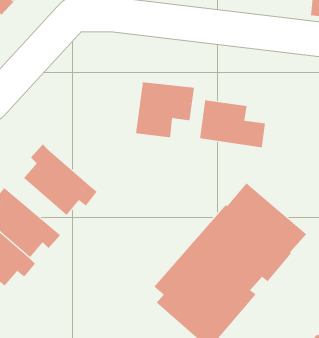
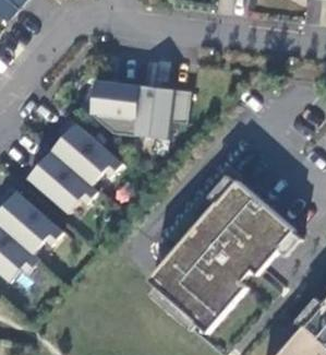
building: none -> [88,76,137,132]
building: [200,100,266,148] -> none
building: none -> [48,115,119,184]

